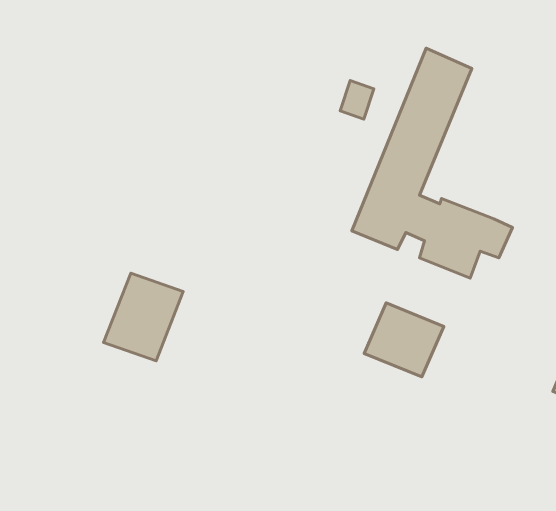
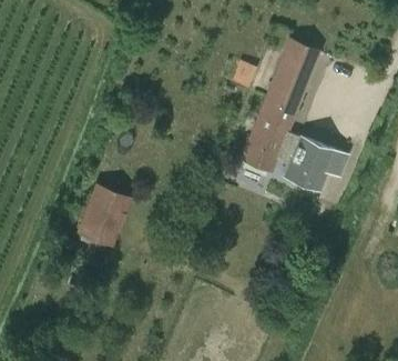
building: [364,303,444,377] -> none

